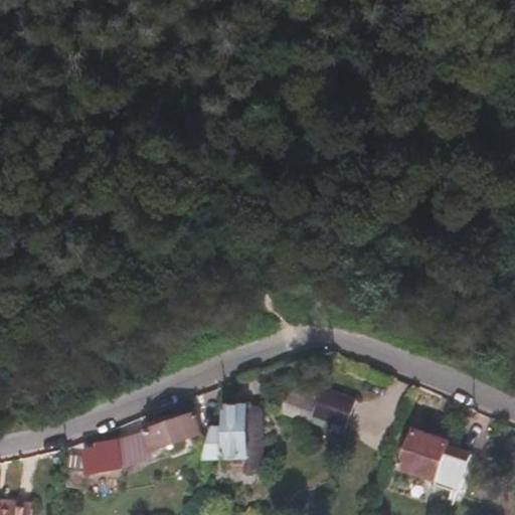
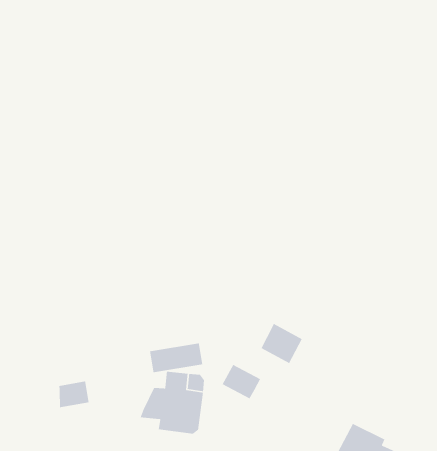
building: [312,384,352,422] -> [260,323,303,364]
building: [144,412,199,450] -> [149,343,203,373]
building: [80,441,123,470] -> none

